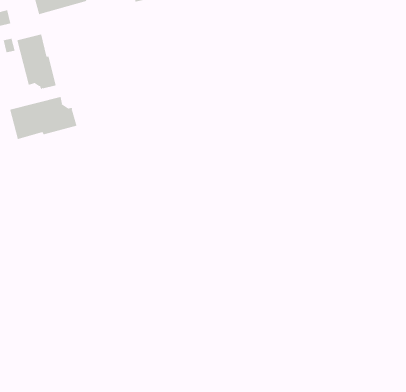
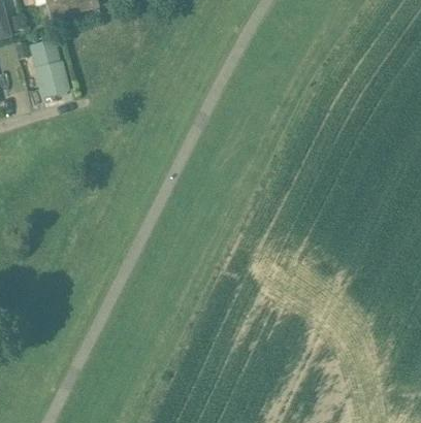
building: [9,96,77,140] -> none

